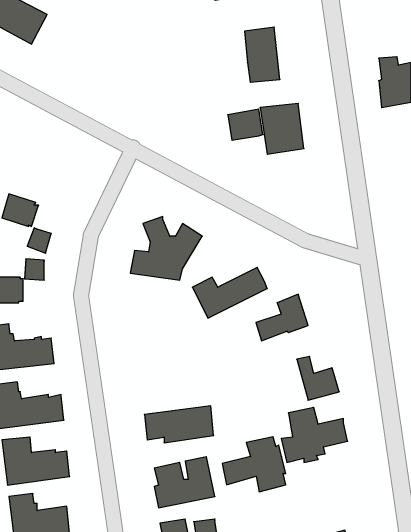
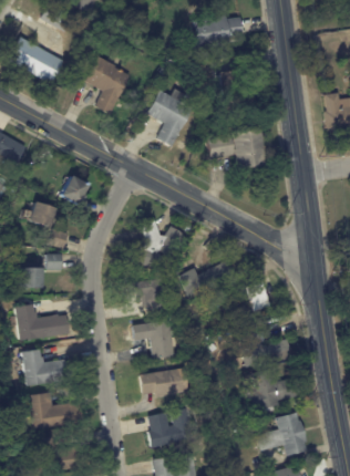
building: none -> [84,58,131,115]
building: none -> [145,90,192,147]
building: none -> [59,175,89,205]
building: none -> [127,278,169,315]
building: none -> [132,320,176,360]
building: [222,437,286,492] -> [257,413,307,456]

